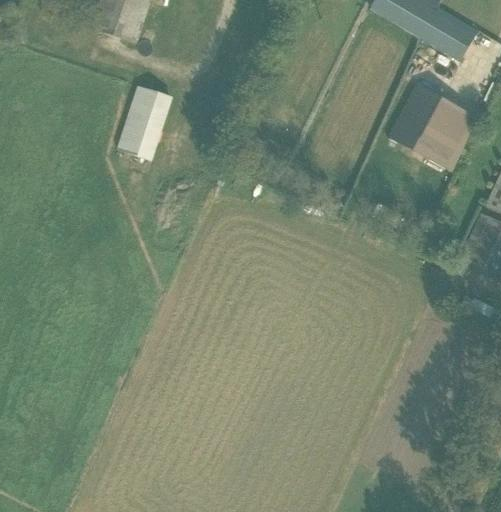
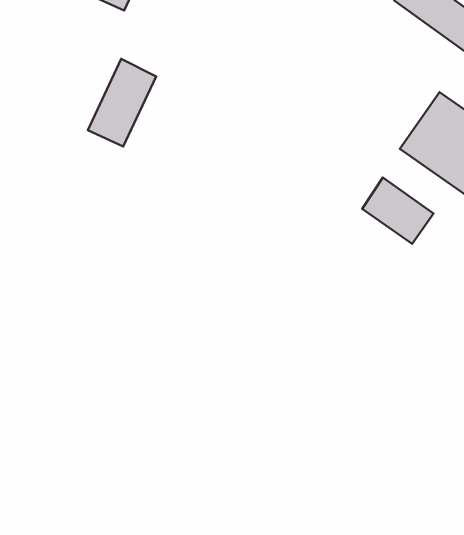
building: none -> [362,178,434,244]

